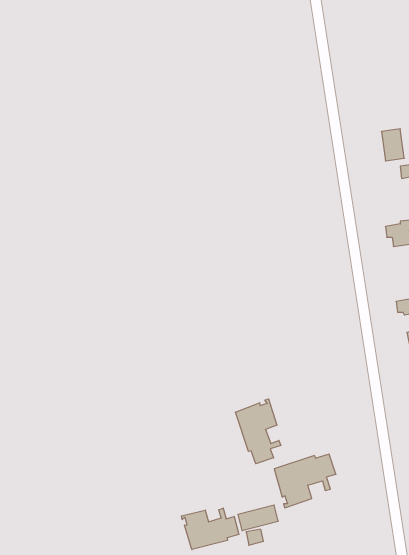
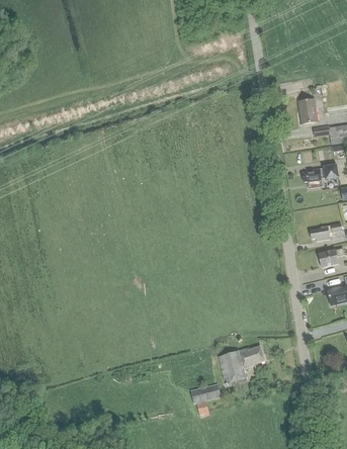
building: [235,399,281,464] -> none
building: [181,508,239,550] -> none

